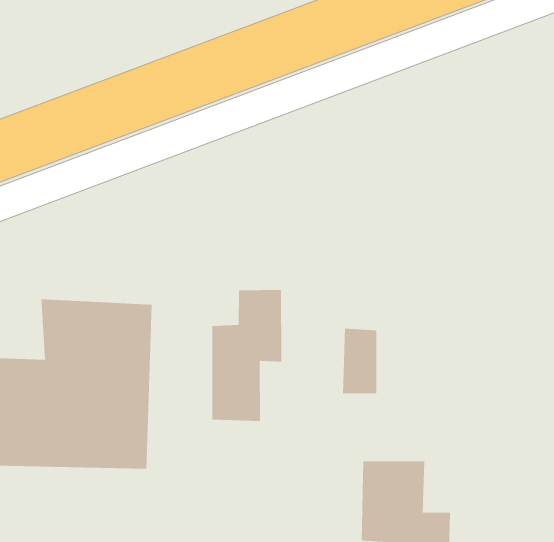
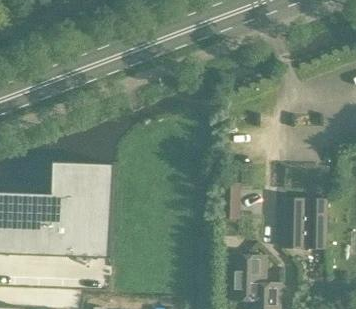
building: [212,289,282,422] -> none
building: none -> [282,197,326,247]

